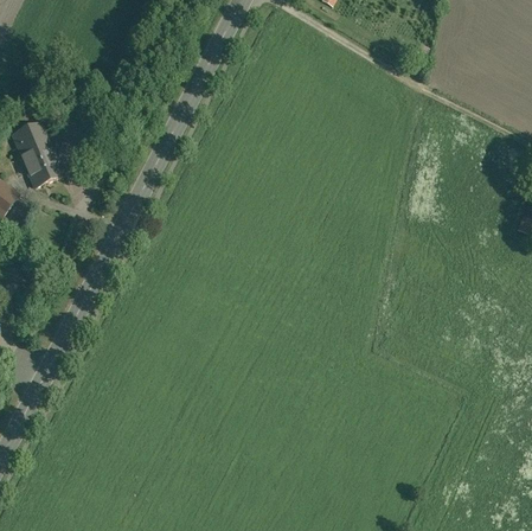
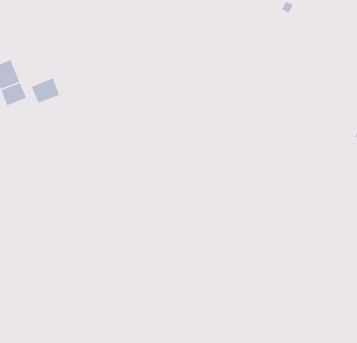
building: none -> [31,77,60,104]

